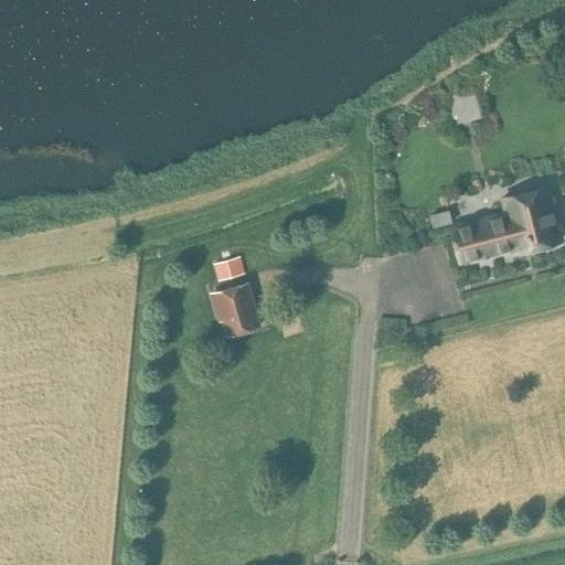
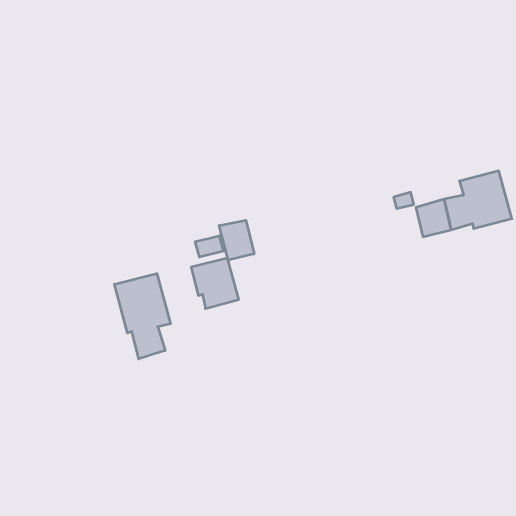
building: none -> [219,220,254,260]
building: none -> [114,274,171,359]

